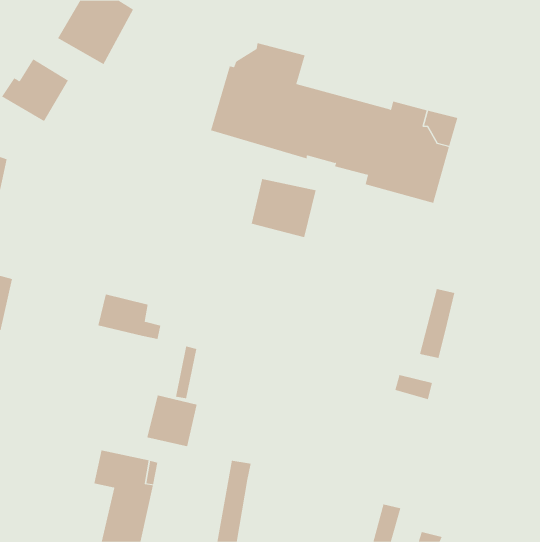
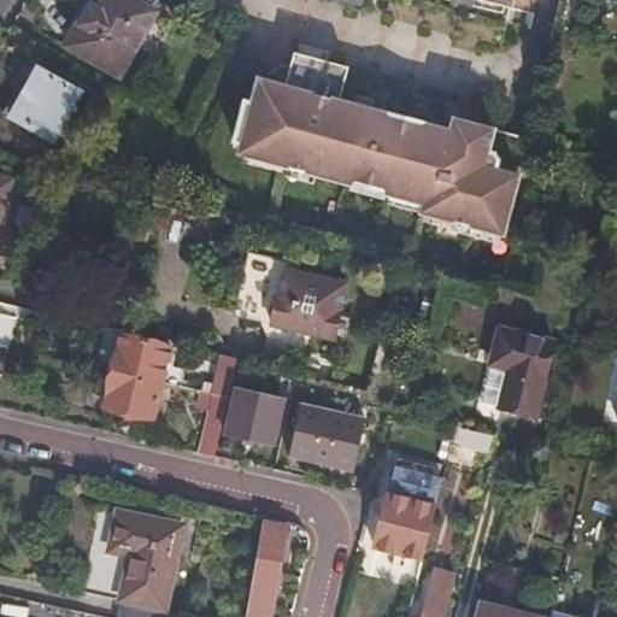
building: [251,178,317,238] -> [272,270,347,337]
building: none -> [499,333,548,415]
building: none -> [102,370,161,418]
building: none -> [288,404,365,470]
building: [146,395,197,447] -> [223,388,281,447]
building: none -> [372,465,440,559]

